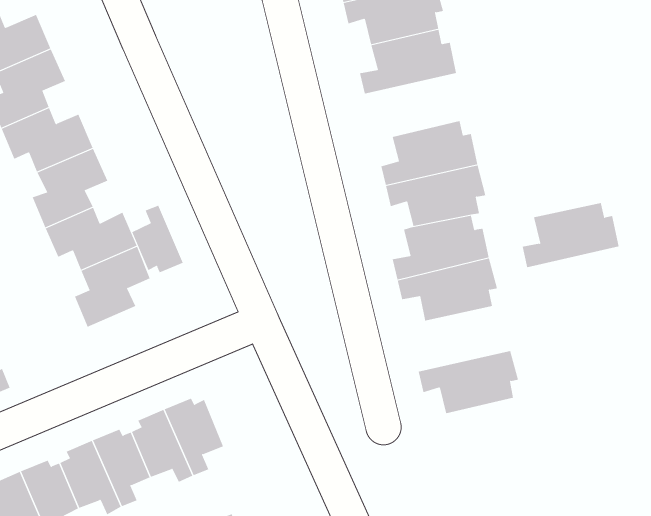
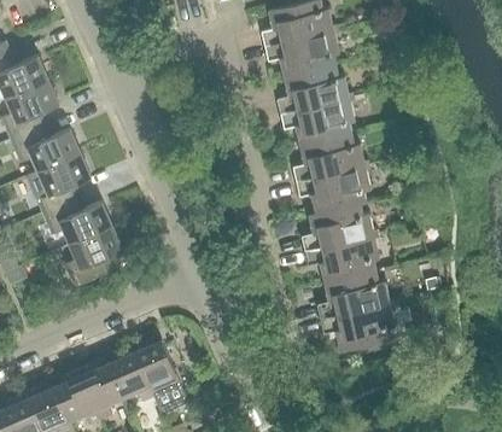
building: none -> [280,99,355,146]
building: [522,202,619,268] -> [316,272,389,320]
building: [132,205,183,273] -> none

